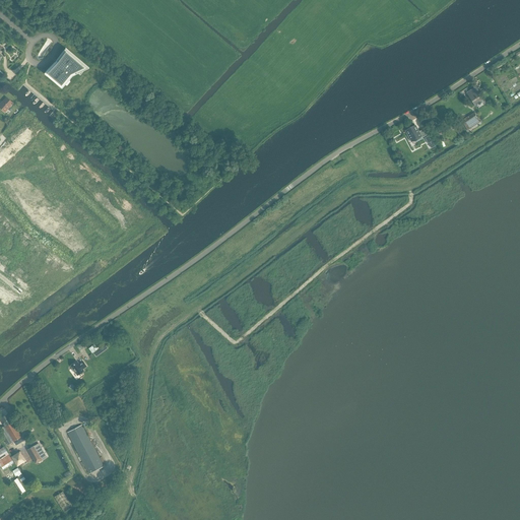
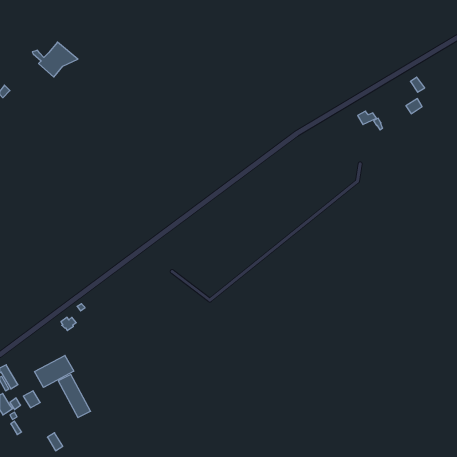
building: none -> [35,355,74,387]

